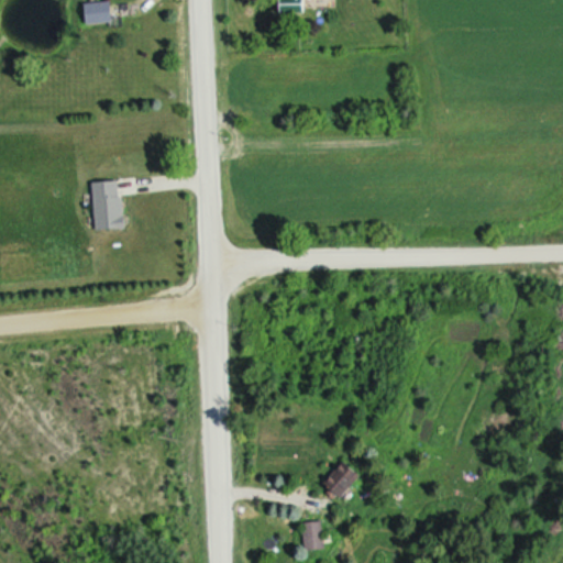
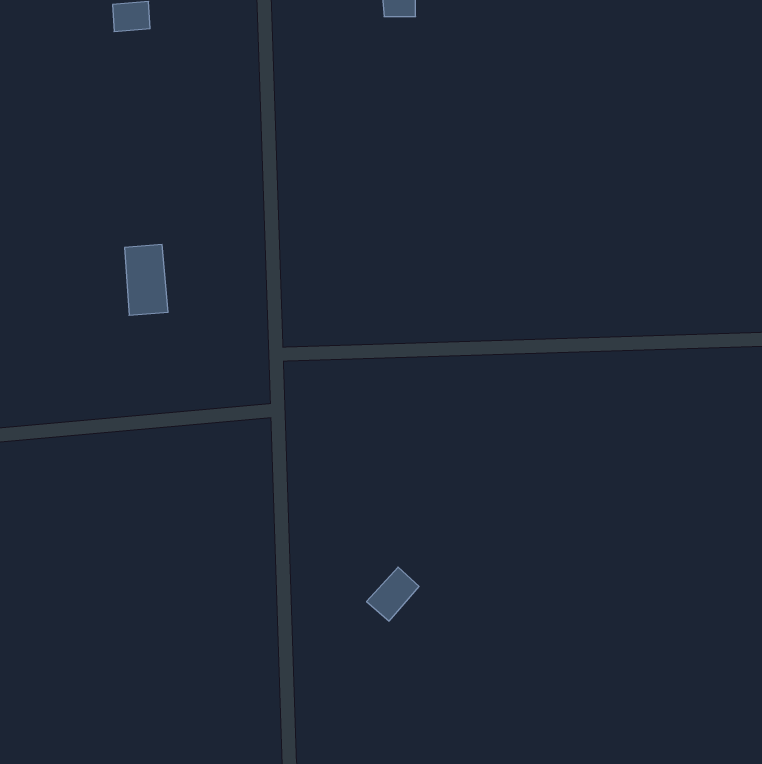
building: [320,461,358,500] -> [367,567,419,621]
building: [300,522,322,551] -> none

